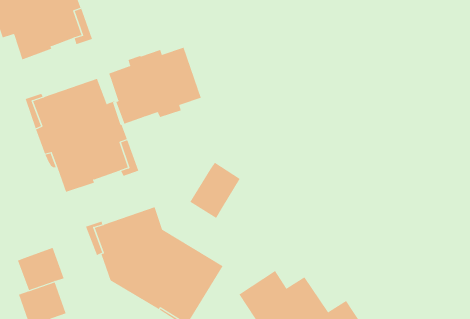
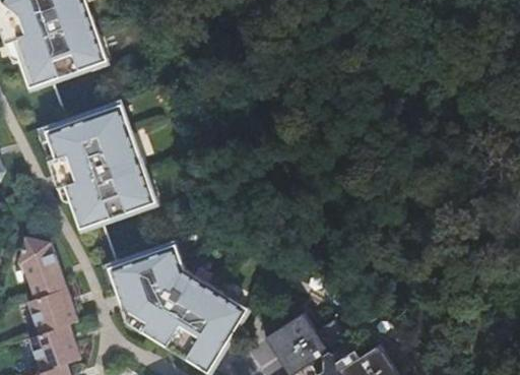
building: [108,47,202,124] -> none
building: [190,162,241,219] -> none
building: none -> [18,236,66,299]

